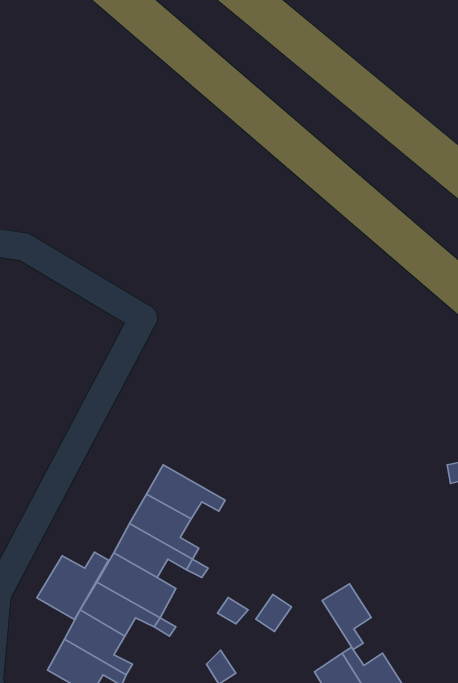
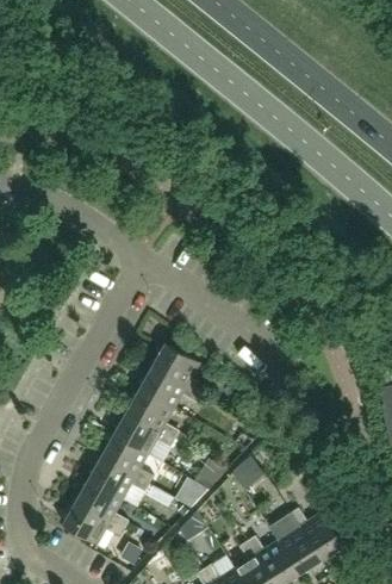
building: none -> [151,344,204,394]
building: [37,552,109,619] -> none
building: [322,584,371,650] -> none

